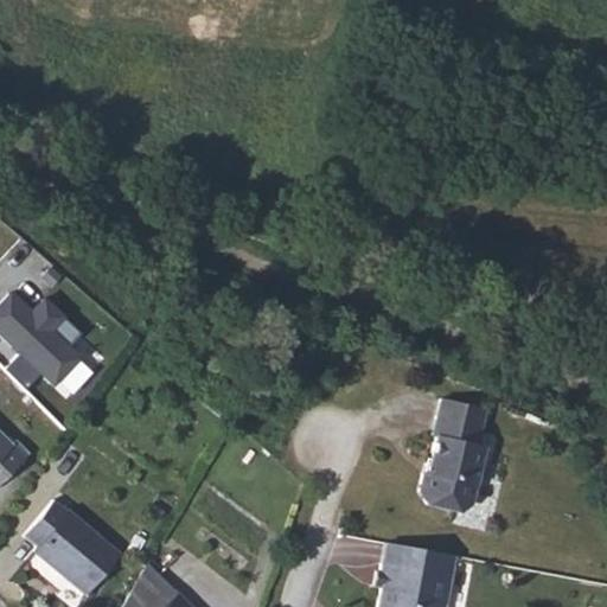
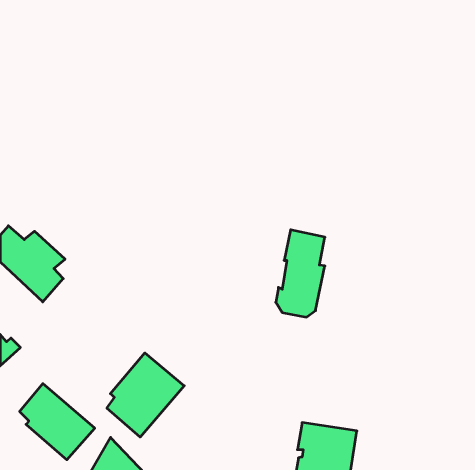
building: [426,403,488,515] -> [276,230,325,317]
building: none -> [107,353,184,437]

